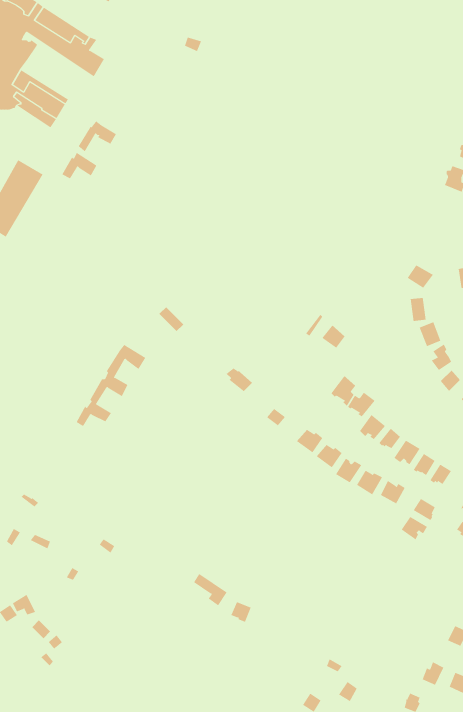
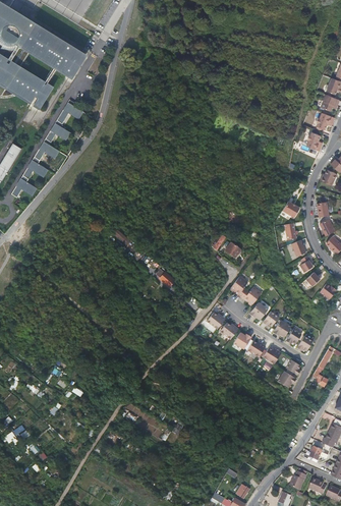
building: none -> [20,42,83,76]
building: [76,344,146,427] -> [12,142,60,198]

